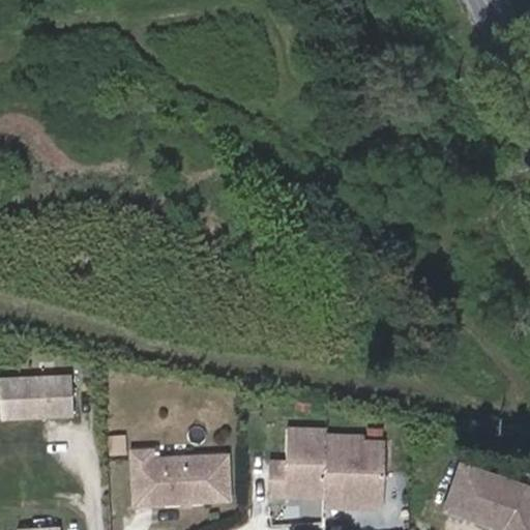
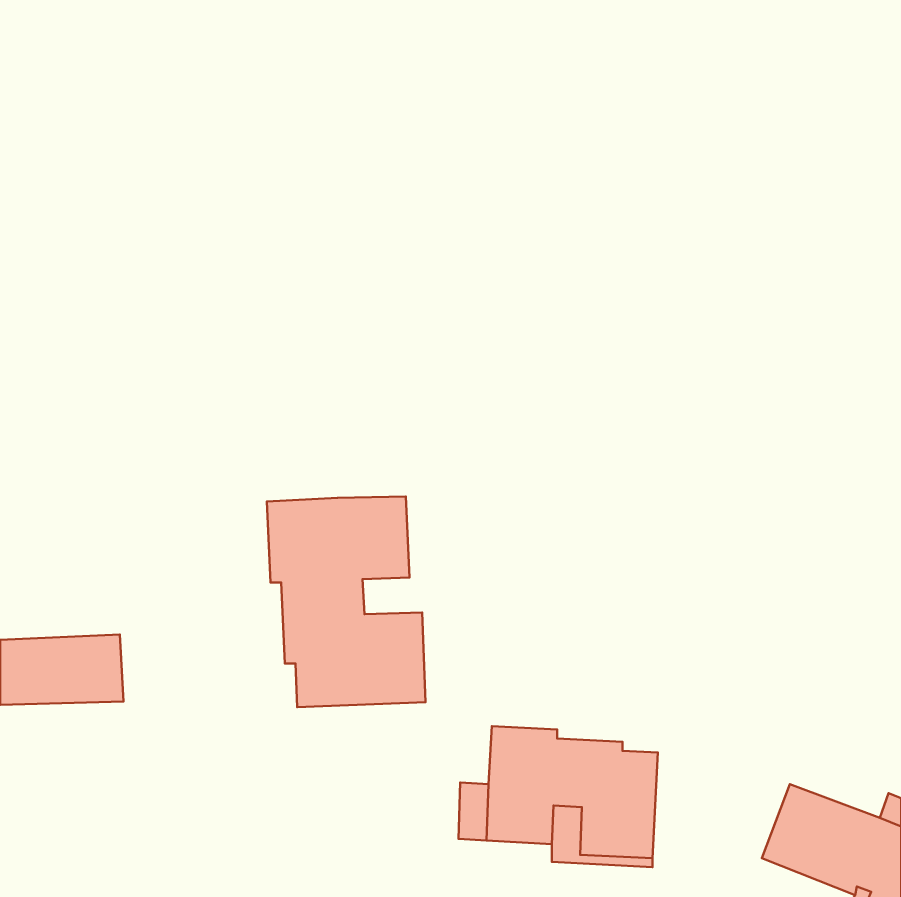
building: none -> [267,497,426,707]
building: [132,450,228,503] -> none

